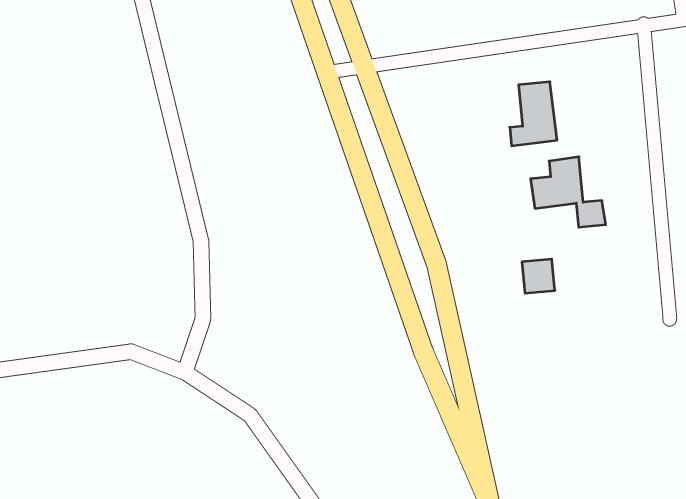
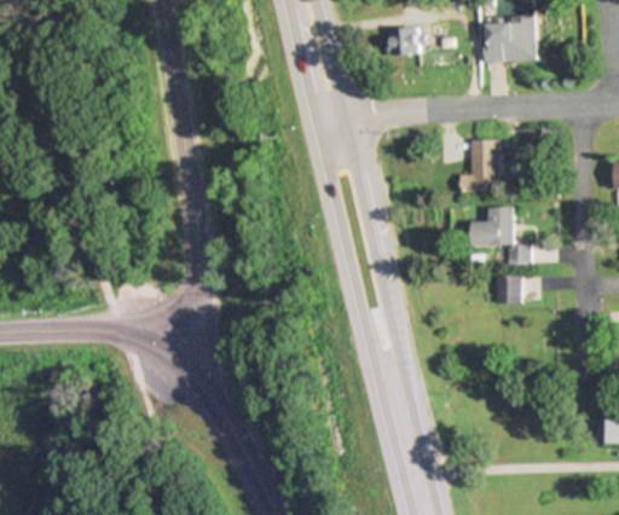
building: [522,259,555,293] -> [494,276,520,302]

